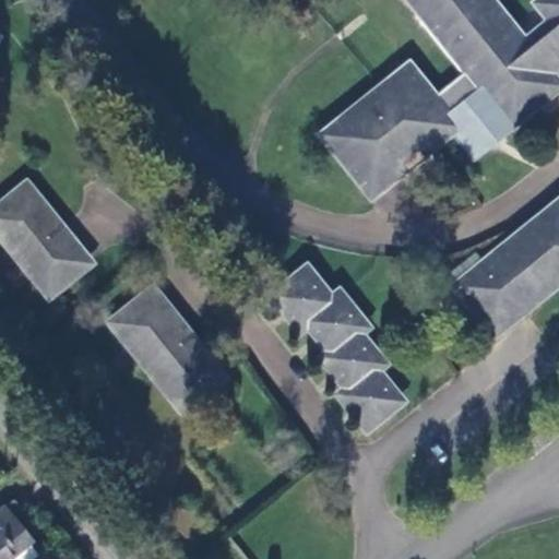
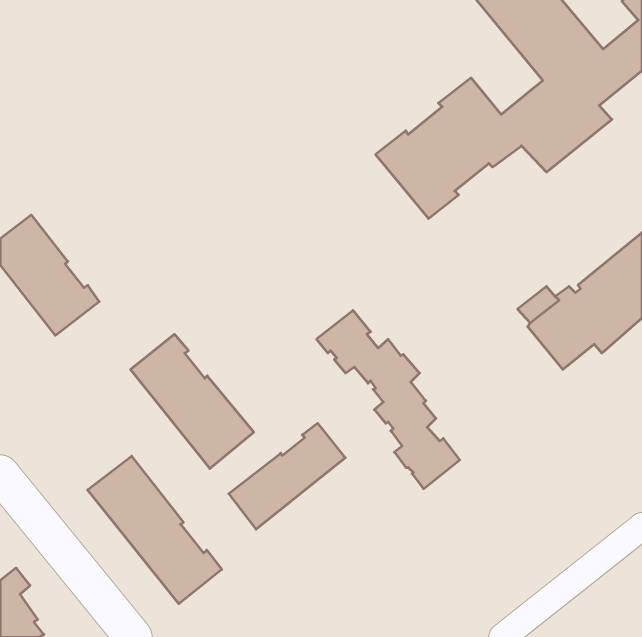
building: none -> [229,423,345,529]
building: none -> [88,456,222,604]

